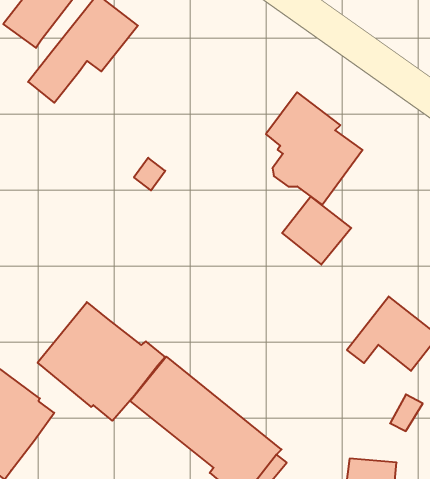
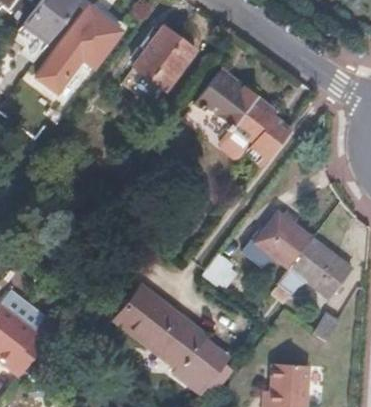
building: none -> [132,24,193,88]
building: none -> [194,69,242,115]
building: [282,197,351,265] -> [257,213,310,265]
building: [38,302,165,421] -> none

